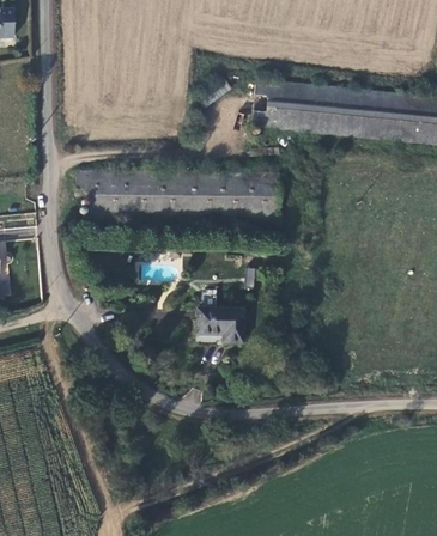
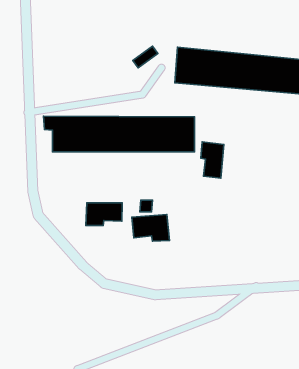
building: none -> [201,142,224,178]
building: none -> [86,203,122,226]

